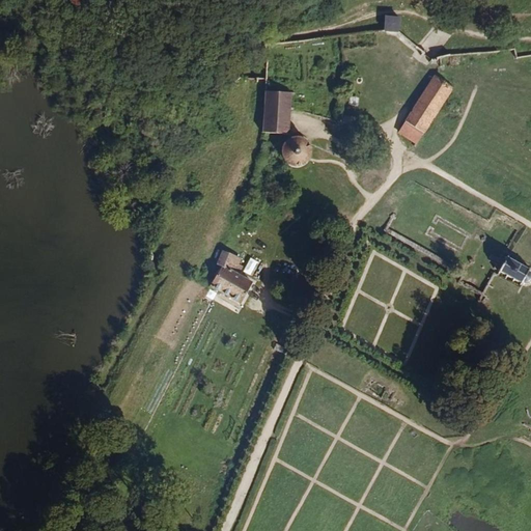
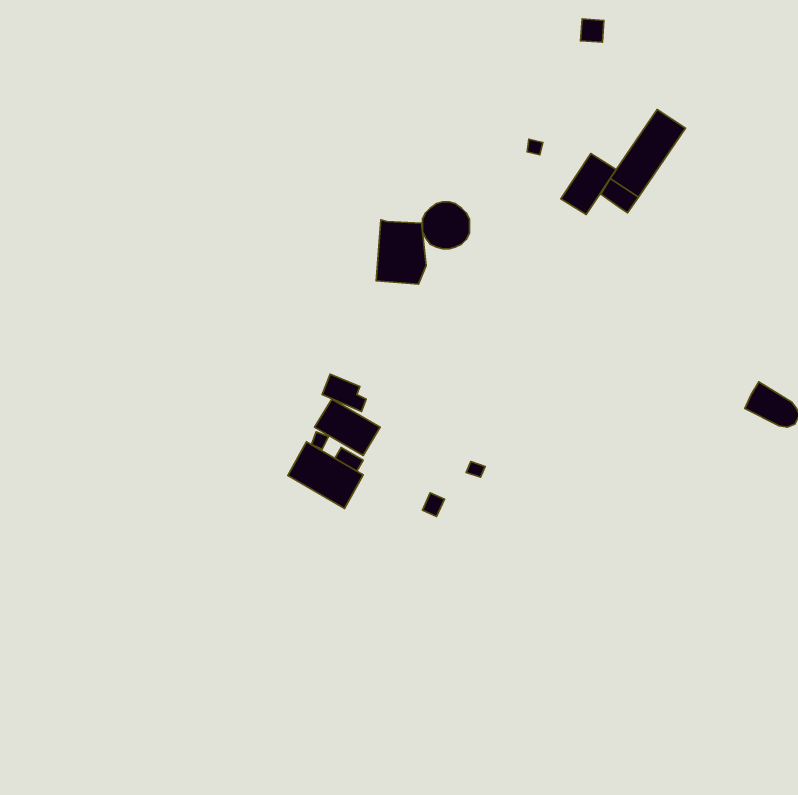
building: [260,88,294,131] -> [376,220,426,284]
building: none -> [561,154,616,215]
building: none -> [288,442,363,508]

